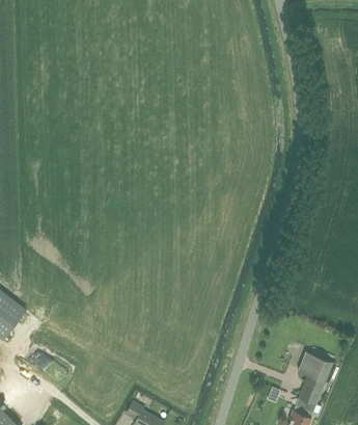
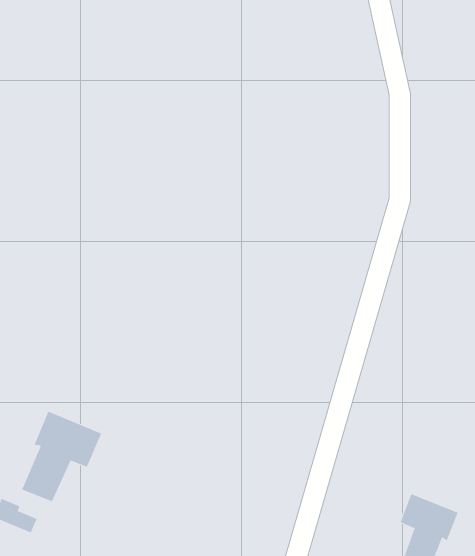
building: none -> [22,411,102,502]

